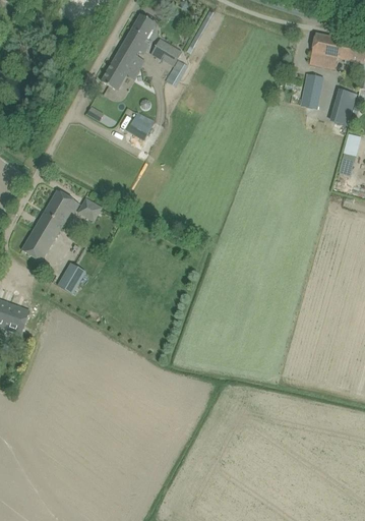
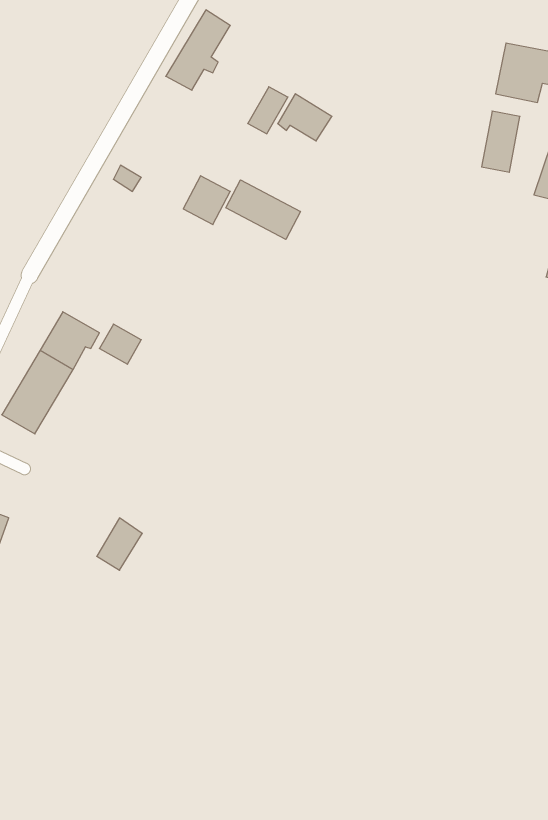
building: [149,38,181,65] -> [278,94,332,141]
building: [102,52,132,90] -> none
building: none -> [226,180,300,239]
building: [58,262,84,292] -> [97,518,142,570]

